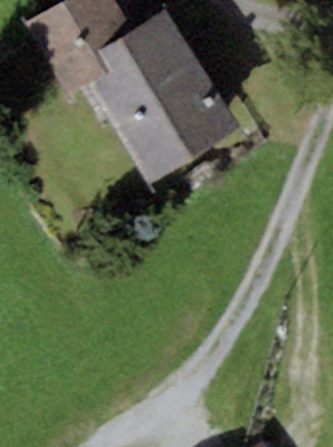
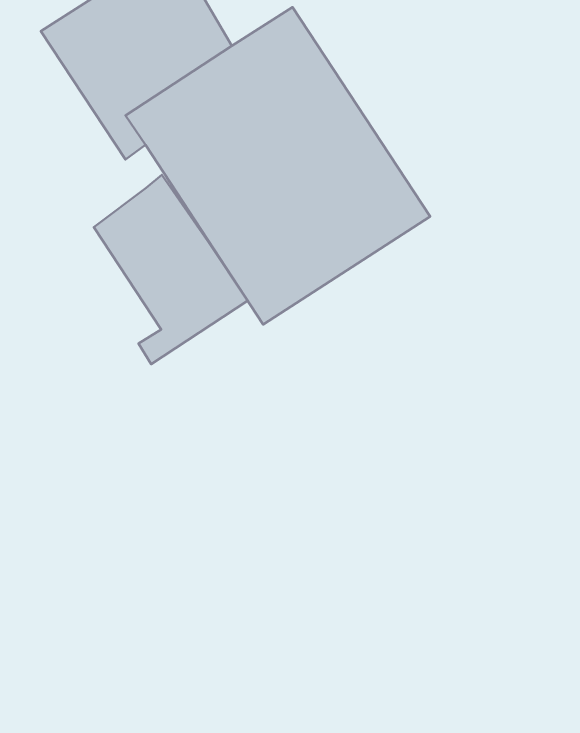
building: none -> [94,175,247,364]

